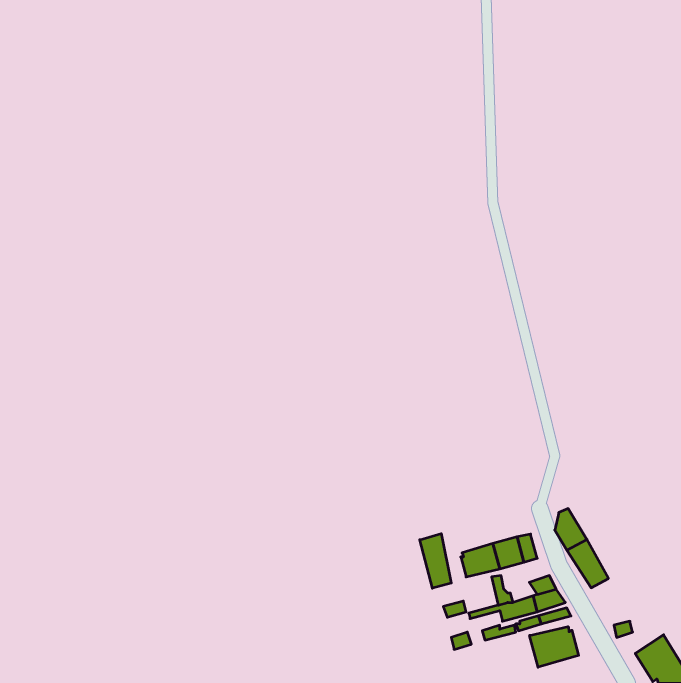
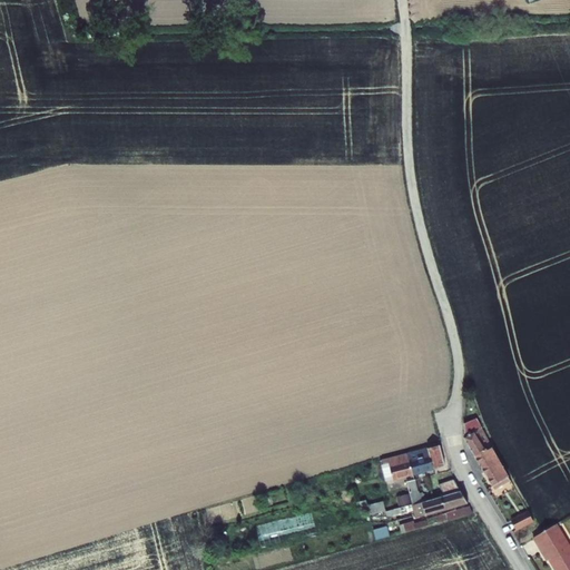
building: [420,534,451,588] -> none
building: [530,627,579,667] -> none

